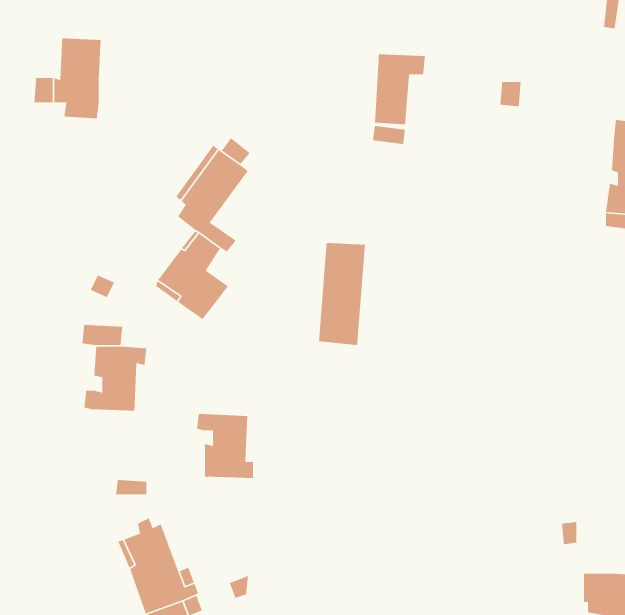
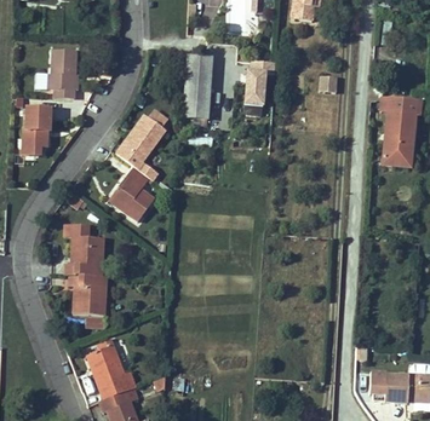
building: none -> [22,109,50,155]
building: [318,242,366,346] -> [183,57,212,120]
building: [196,413,254,479] -> [69,276,104,316]

